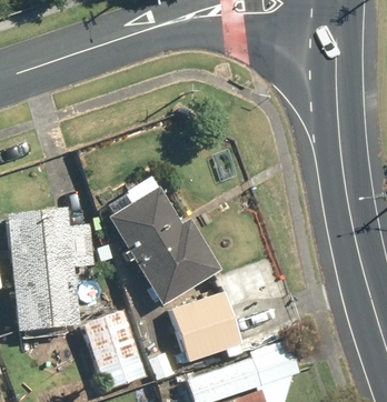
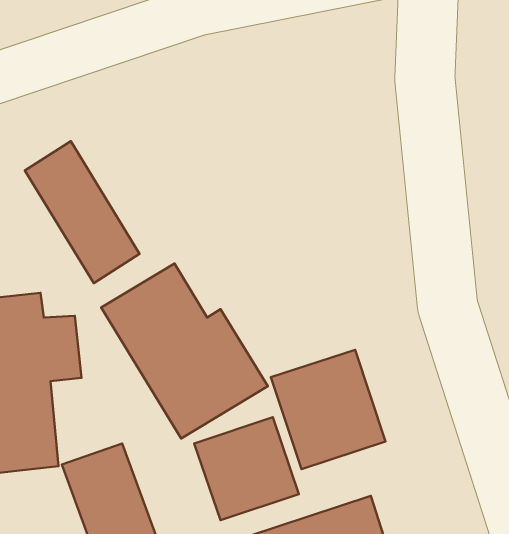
building: none -> [25,141,140,283]
building: none -> [271,350,386,469]

